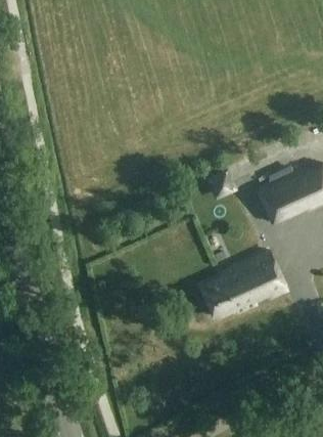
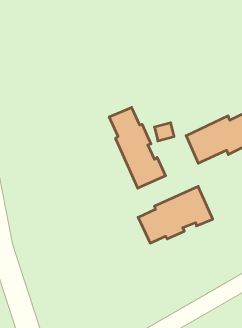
building: none -> [109,107,166,188]

